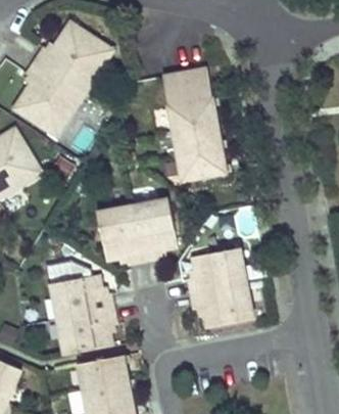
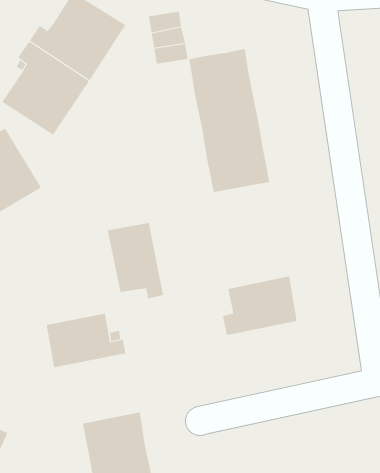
building: [131,197,177,262] -> none
building: [191,282,254,326] -> none
building: [55,308,116,355] -> none

